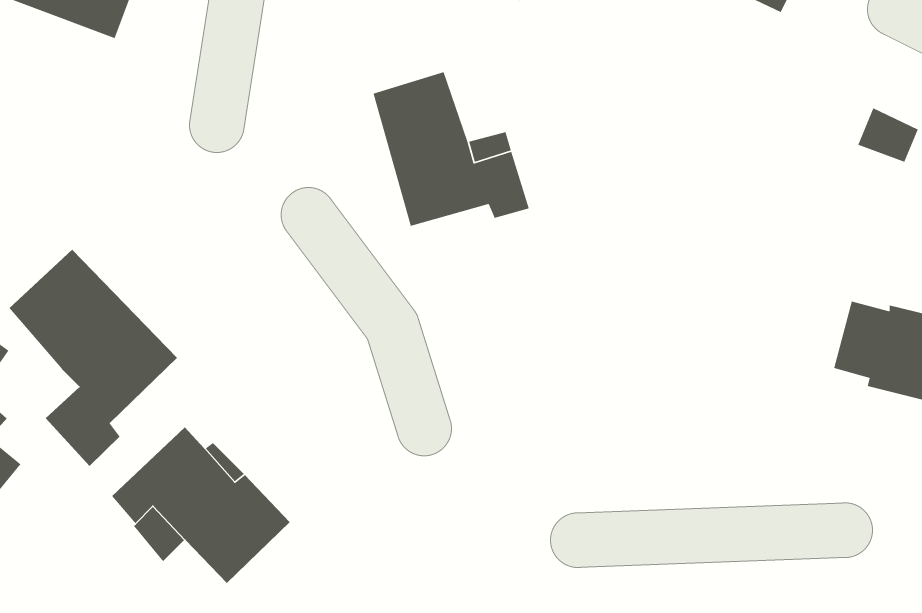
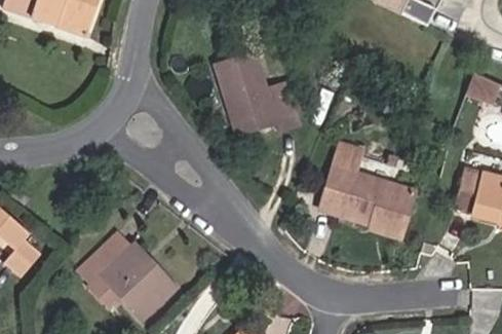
building: [9,249,178,467] -> none
building: none -> [320,147,415,233]

